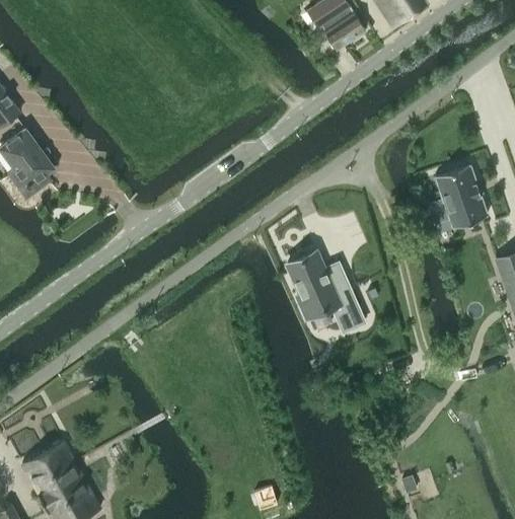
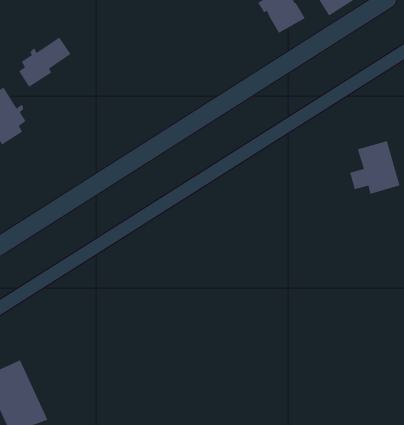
building: none -> [18,37,71,88]
building: [285,248,365,331] -> none

